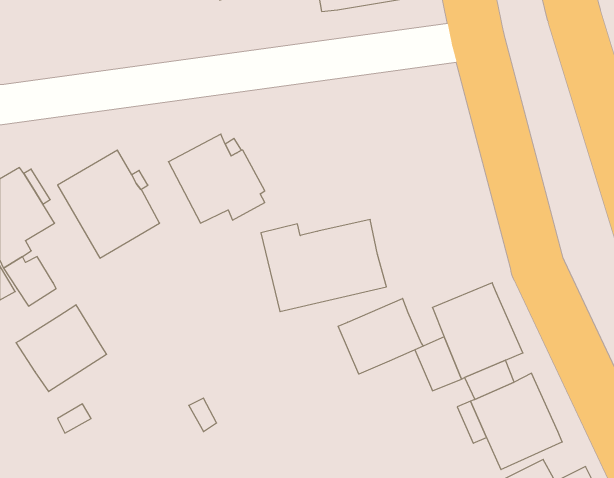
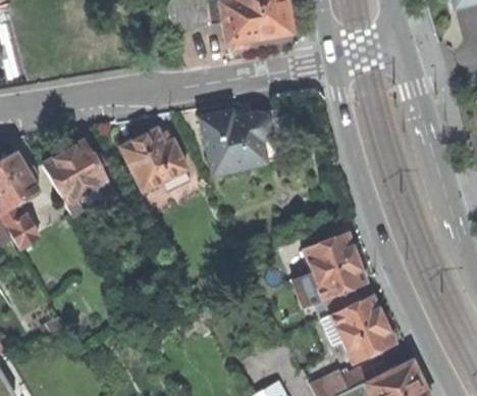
building: [261,220,386,312] -> [199,109,286,174]
building: [338,298,423,374] -> none
building: [16,305,107,392] -> none

